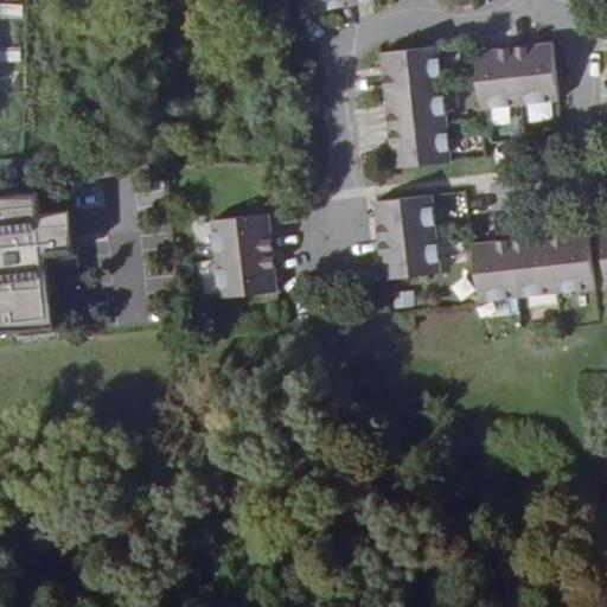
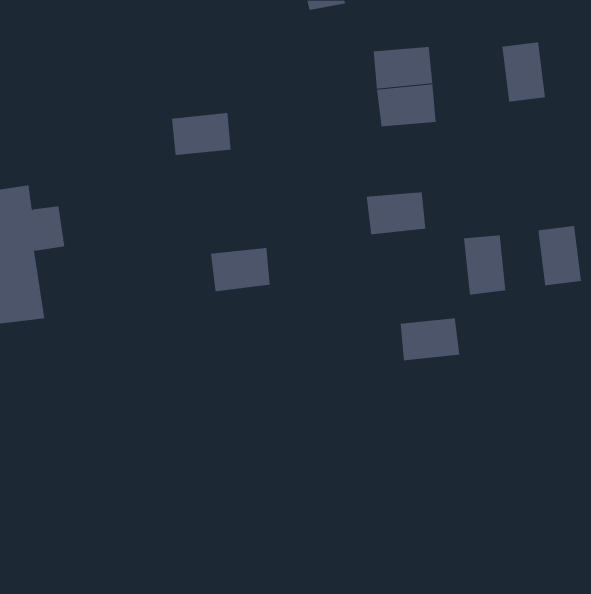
building: [474,47,519,109] -> none
building: [389,124,449,168] -> none
building: [211,215,273,258] -> [171,113,232,156]
building: [378,234,440,277] -> [400,318,460,361]
building: [511,235,556,296] -> none

